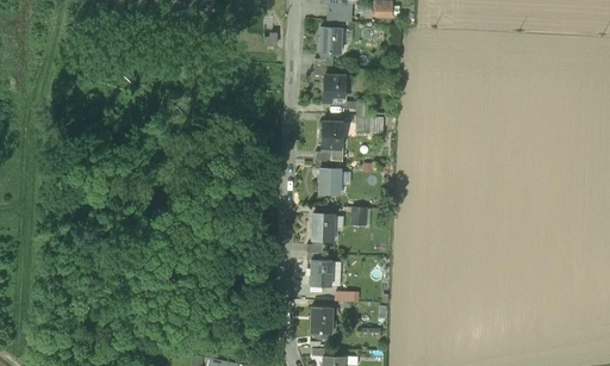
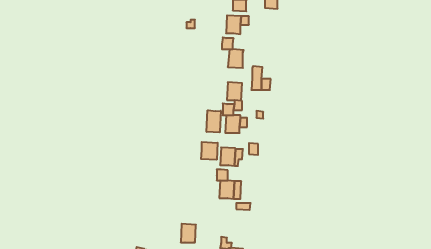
building: none -> [207,110,221,132]
building: none -> [201,142,218,160]
building: [310,306,331,333] -> [181,224,196,242]

